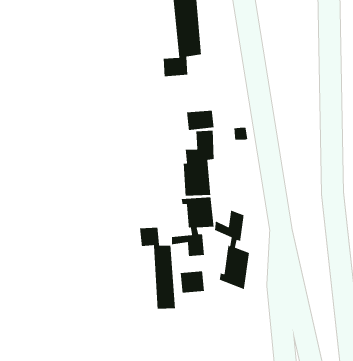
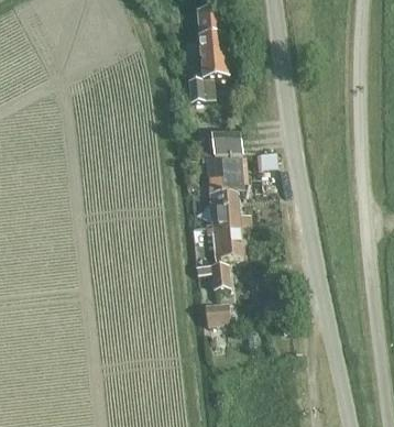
building: [214,209,250,290] -> none
building: [139,227,176,310] -> none

